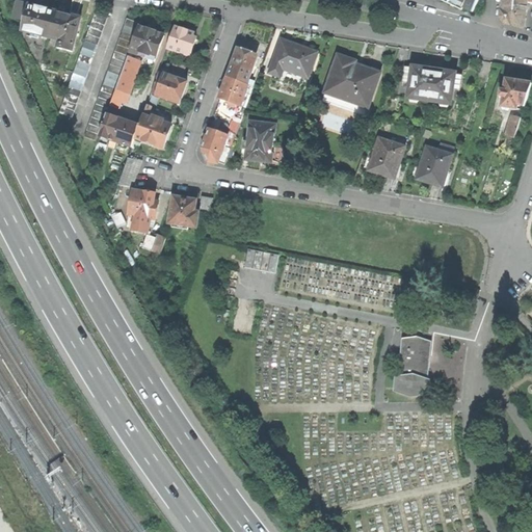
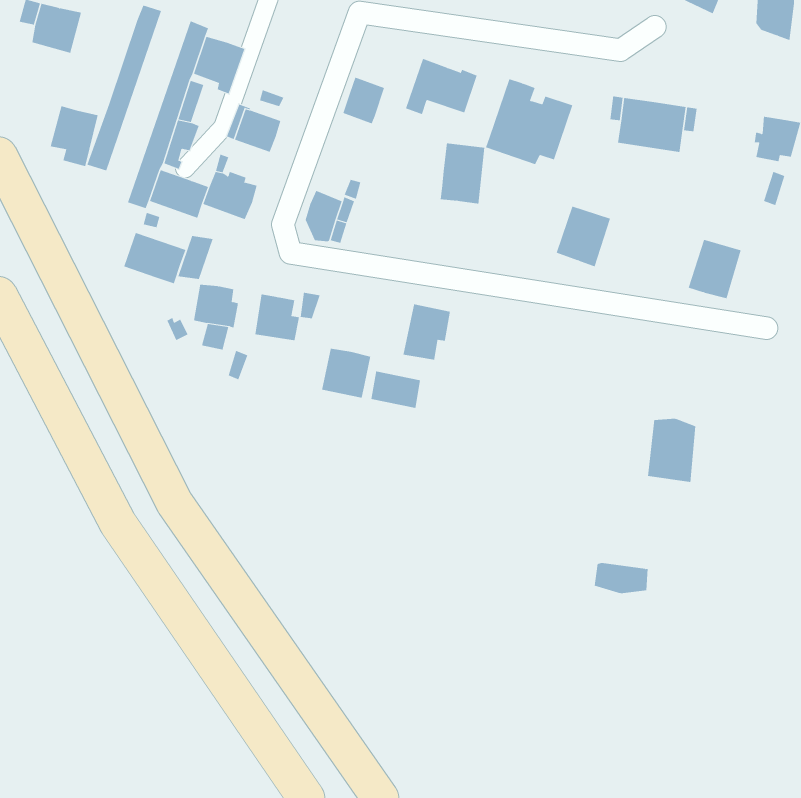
building: [47,8,79,49] -> [50,106,98,167]
building: [166,24,195,55] -> none
building: [219,75,247,103] -> none
building: [245,119,275,160] -> [440,143,485,204]
building: [416,144,451,184] -> [688,239,741,299]
building: none -> [124,232,186,284]
building: none -> [403,304,450,360]
building: none -> [322,348,371,398]
building: [398,334,430,376] -> [647,418,696,483]

